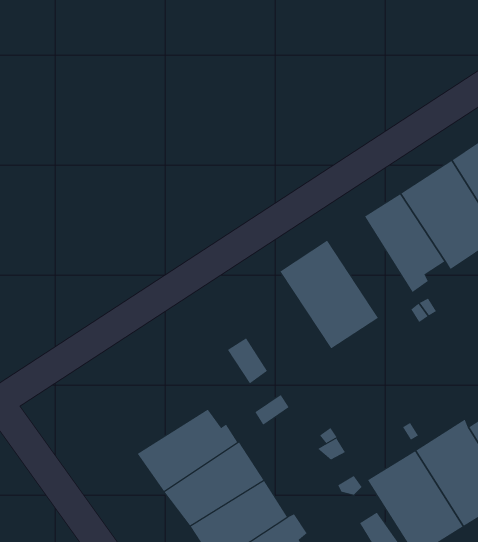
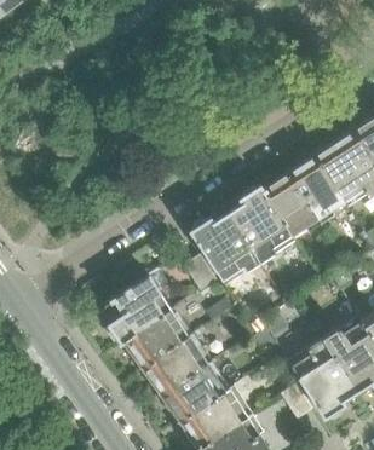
building: none -> [259,168,321,235]
building: none -> [189,208,261,287]
building: none -> [103,275,172,341]

